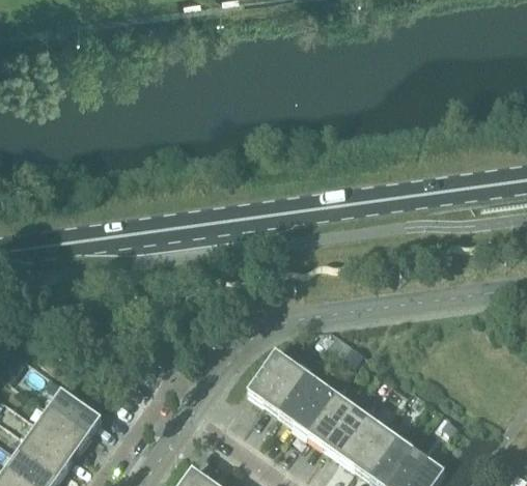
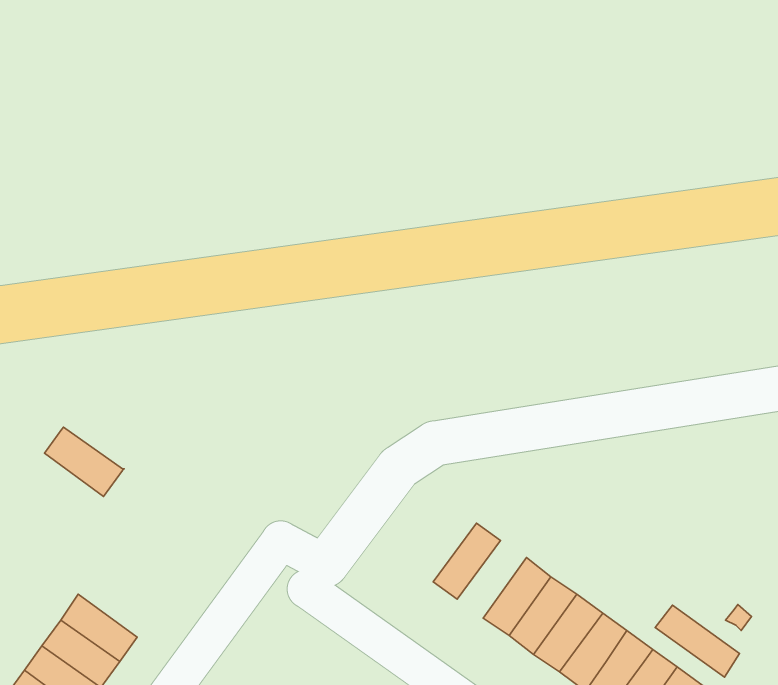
building: [248,350,290,398] -> none
building: [279,373,321,420] -> none
building: [52,390,100,431] -> [45,427,124,497]
building: none -> [655,605,739,677]

